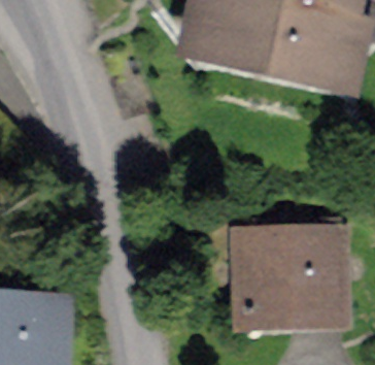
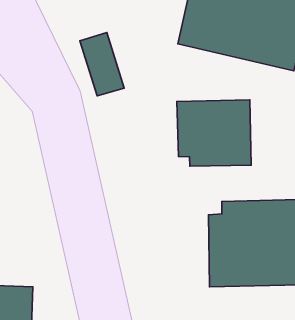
building: none -> [177,100,251,166]

